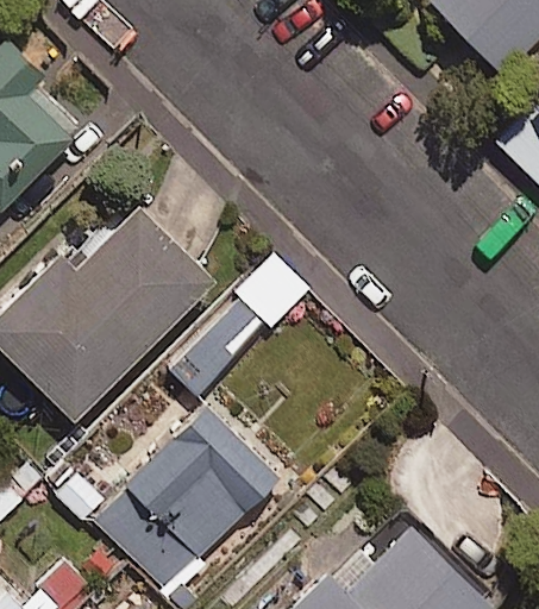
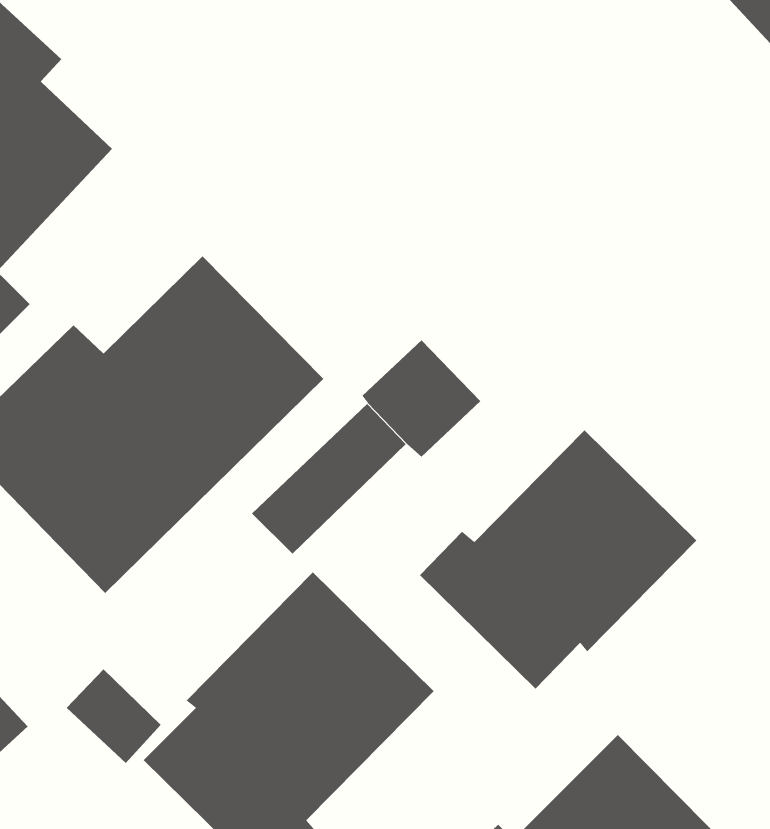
building: none -> [419,429,697,690]

